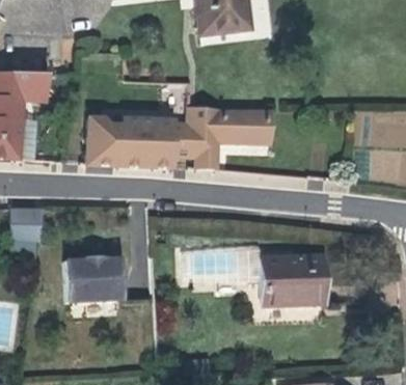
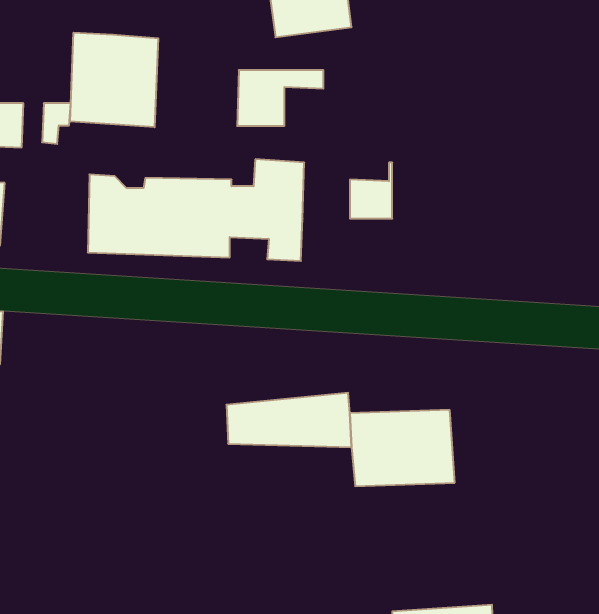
building: none -> [70,33,158,127]
building: [221,108,274,142] -> [237,70,323,126]
building: [61,270,123,314] -> none

